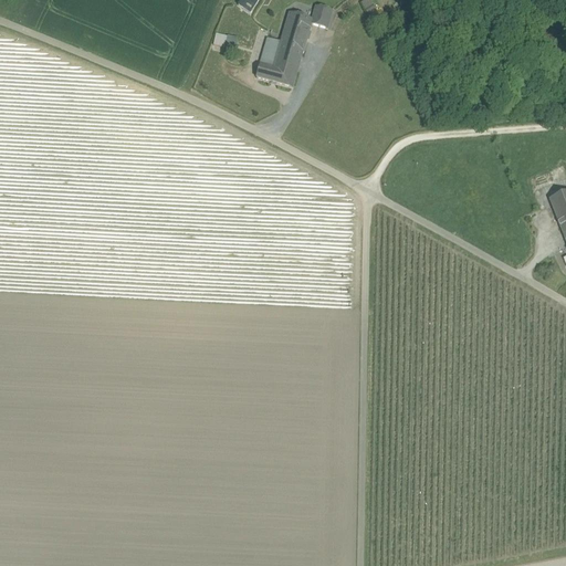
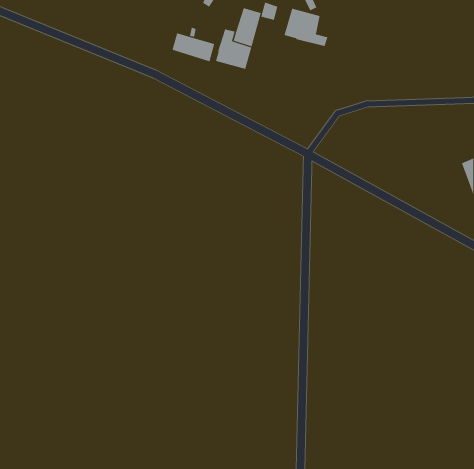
building: none -> [284,8,328,47]
building: none -> [172,33,215,62]

